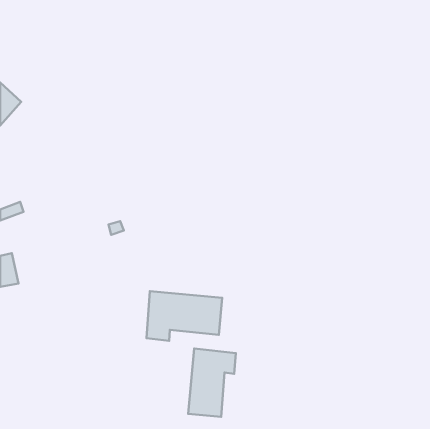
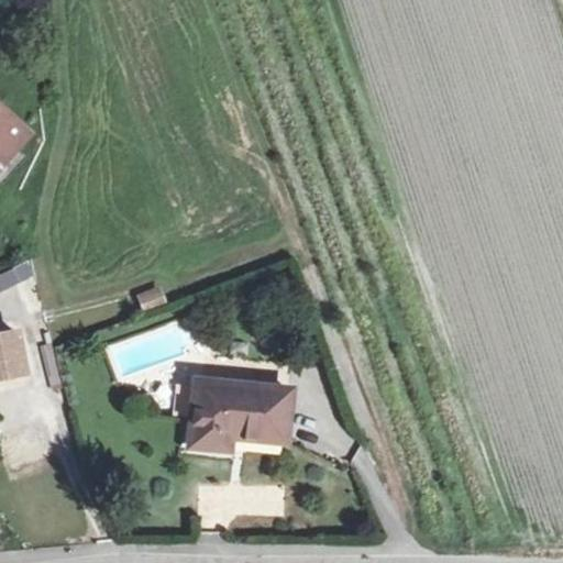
building: [188,349,236,417] -> none

